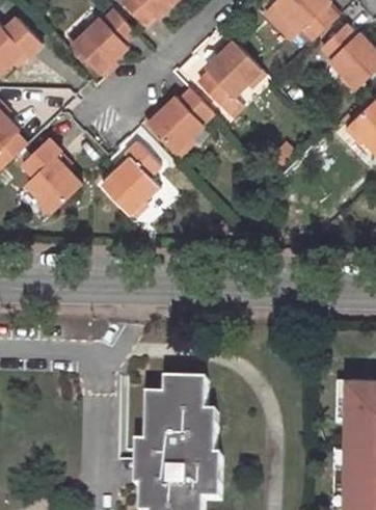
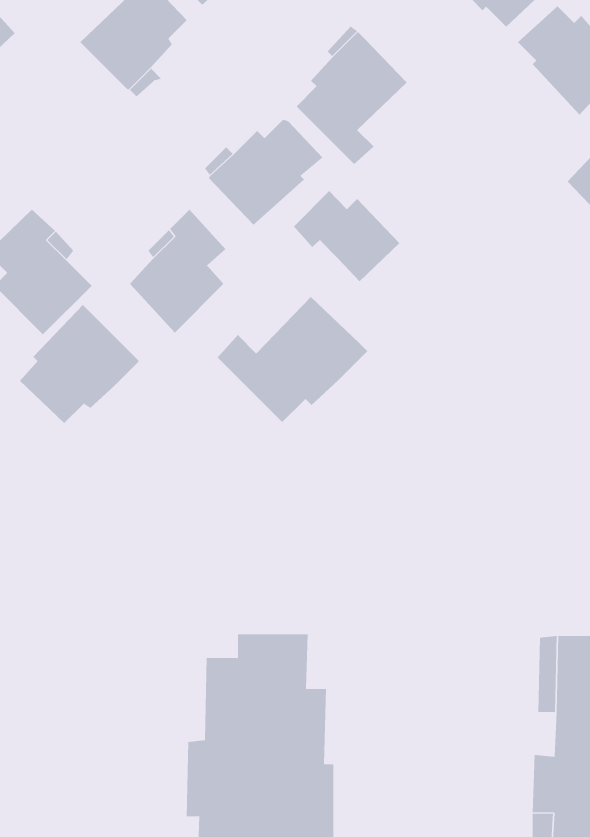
building: none -> [293,190,400,282]
building: none -> [217,296,368,423]
building: none -> [19,304,139,424]

